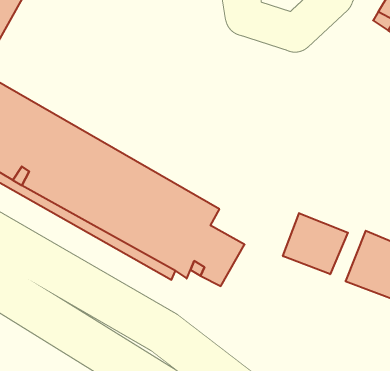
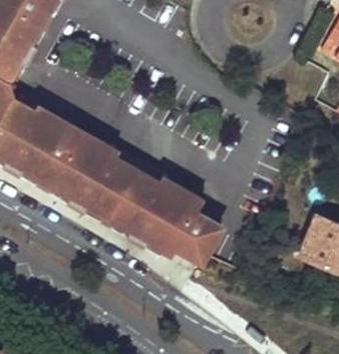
building: [283,213,348,274] -> none

